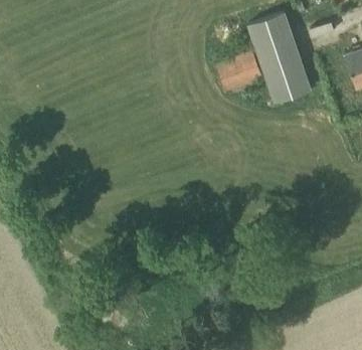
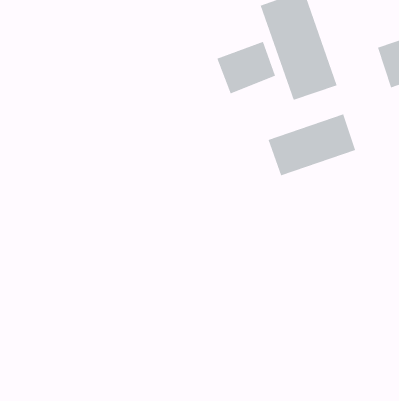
building: none -> [268,113,356,176]

